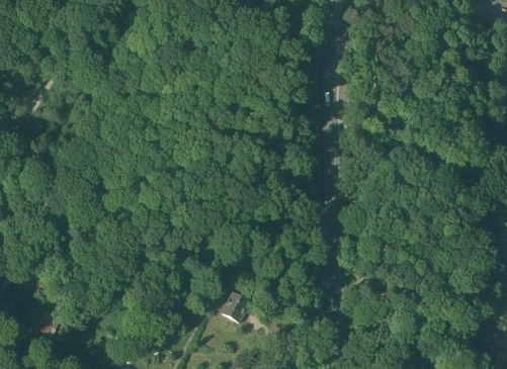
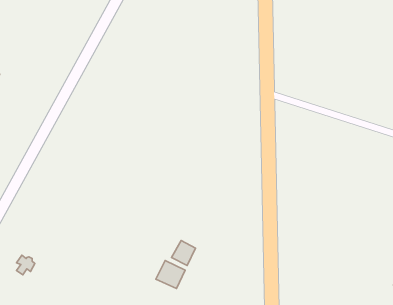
building: none -> [156,260,185,288]

